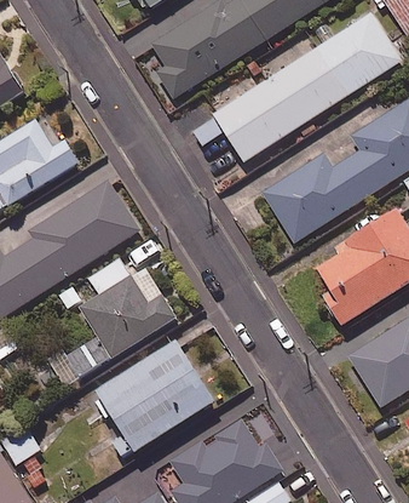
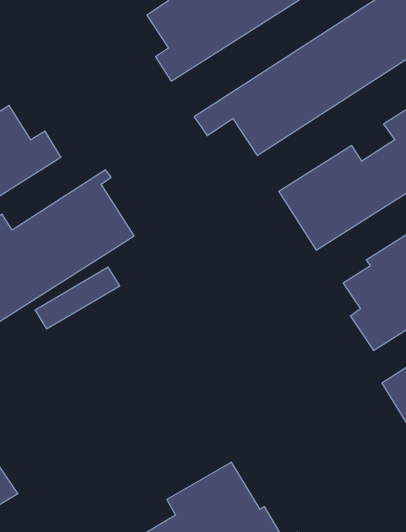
building: [50,268,177,385] -> none
building: [97,341,215,461] -> none

